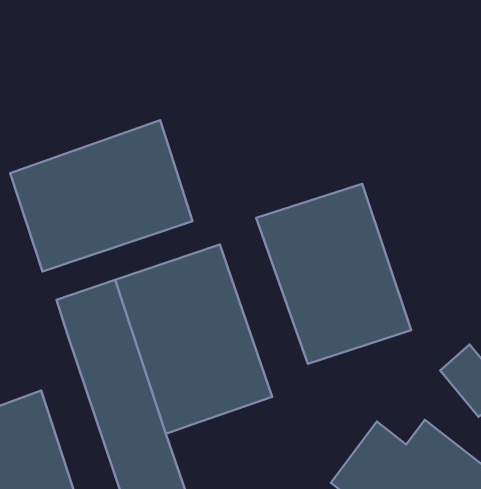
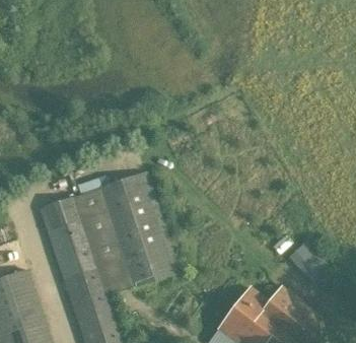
building: [10,120,193,272] -> none
building: [256,184,411,364] -> none

